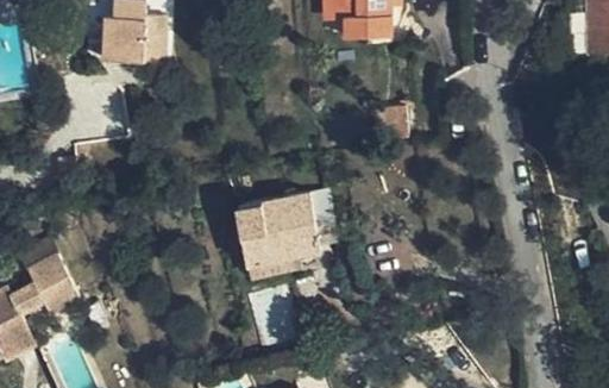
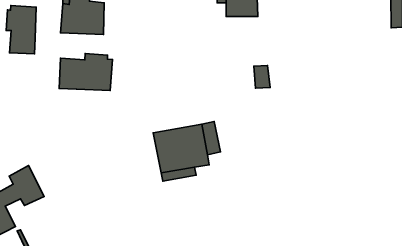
building: none -> [6,5,36,54]
building: none -> [59,54,112,90]

